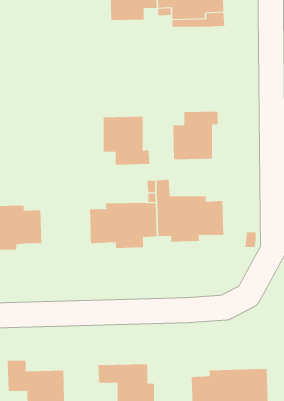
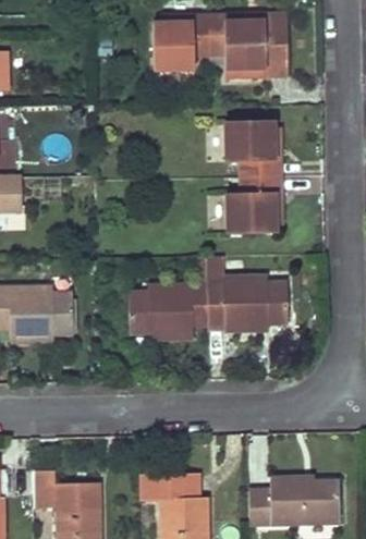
building: [103,116,150,165] -> [227,120,282,177]

